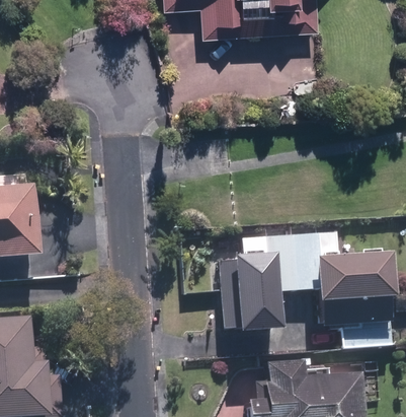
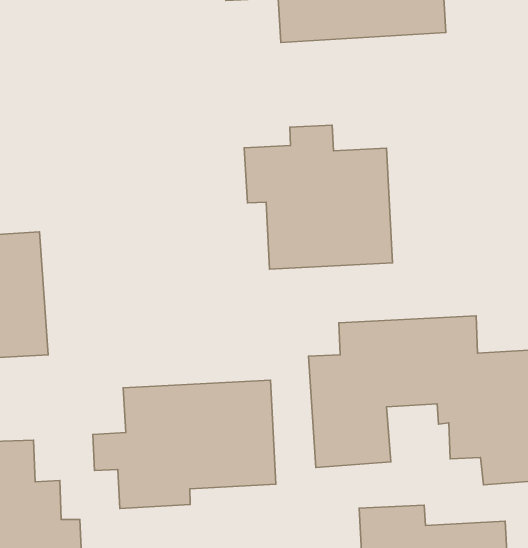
building: none -> [244,125,392,269]
building: none -> [93,380,276,509]

